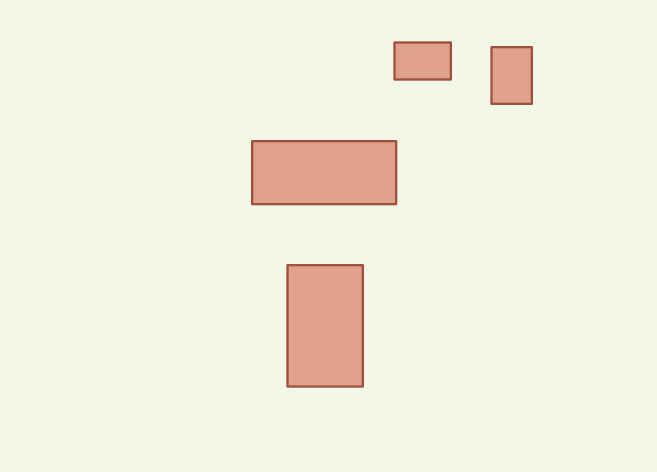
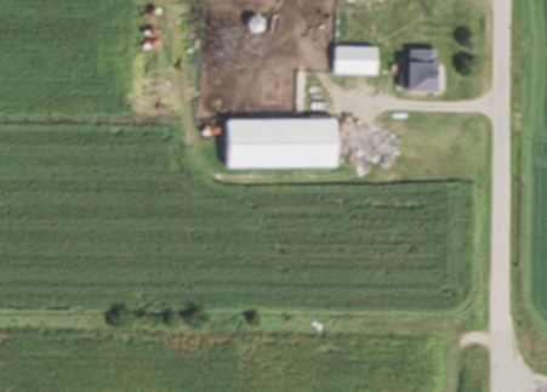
building: [287,265,363,387] -> none

